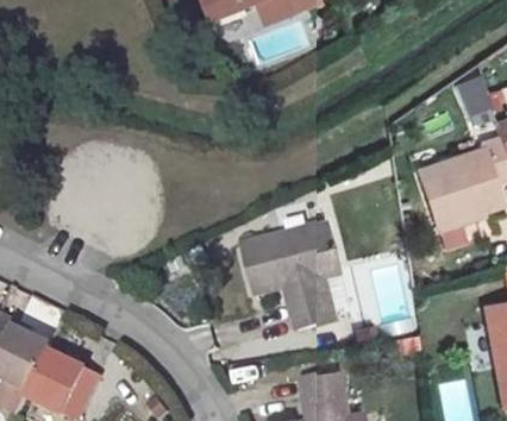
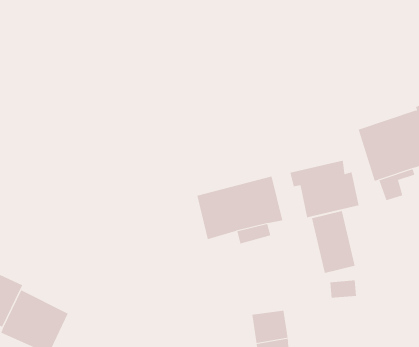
building: none -> [290,160,359,218]
building: [288,288,330,327] -> none

